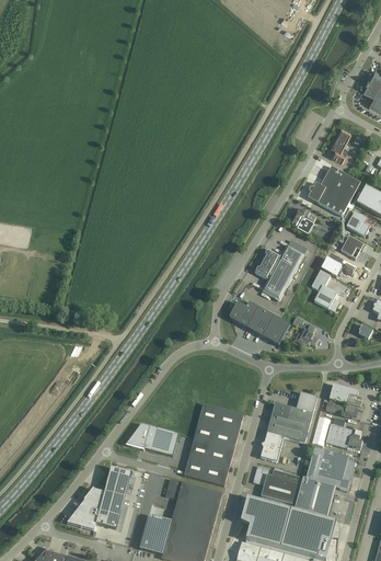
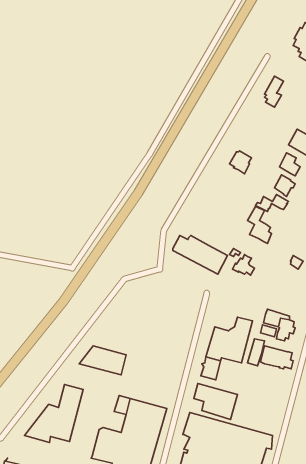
building: [307,164,360,215] -> none
building: [254,238,307,299] -> none
building: [183,402,243,485] -> none
building: [293,446,356,516] -> none

